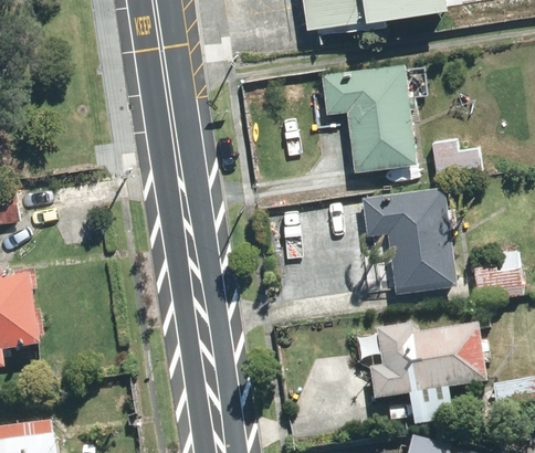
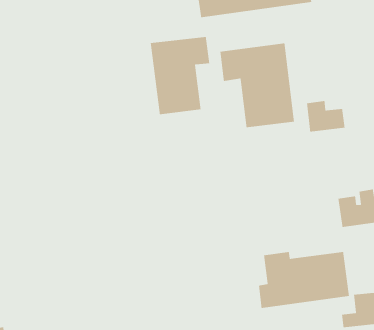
building: none -> [150,36,210,115]
building: [361,187,458,293] -> none

